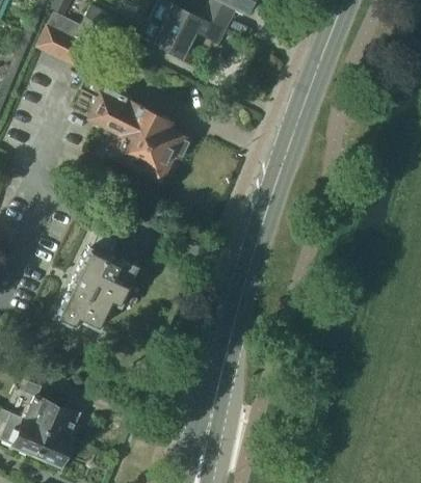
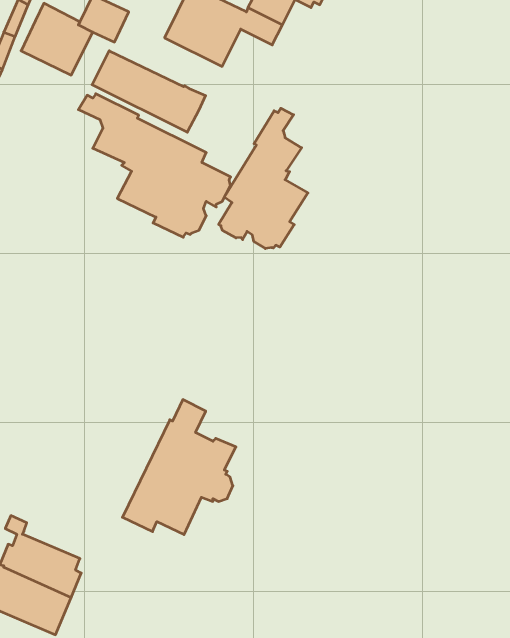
building: none -> [92,51,206,132]
building: none -> [219,108,308,249]
building: [53,231,135,328] -> [122,400,236,535]

